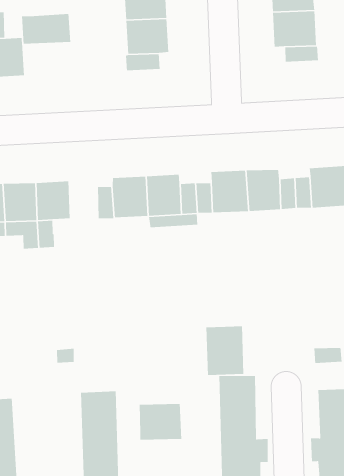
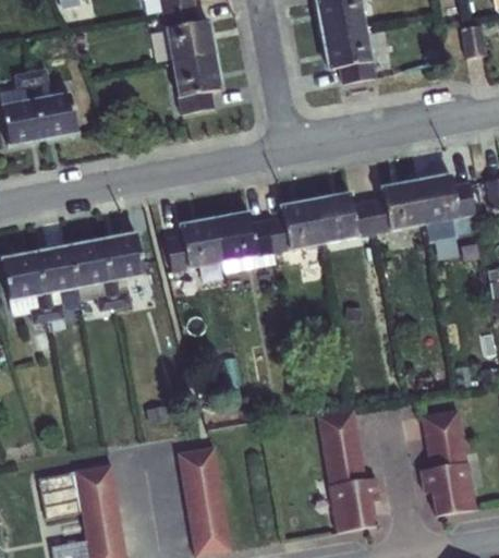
building: [21,13,71,44] -> none
building: [206,326,244,376] -> none
building: [139,403,182,441] -> none

